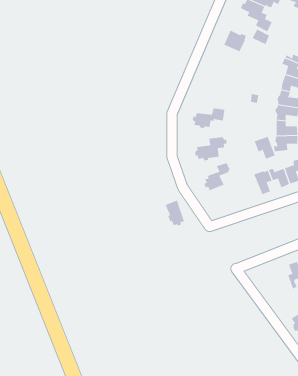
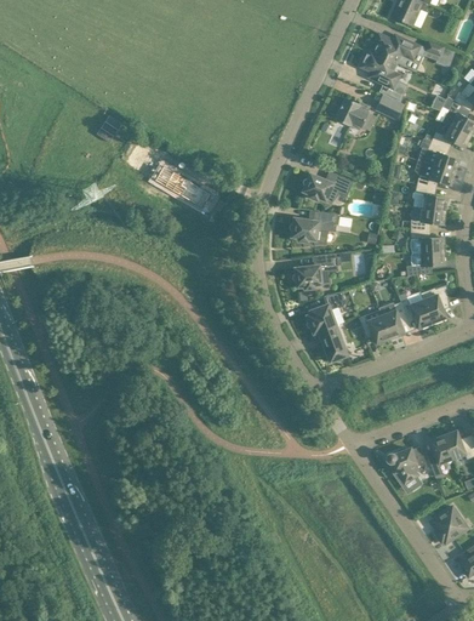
building: none -> [155,166,210,207]
building: none -> [303,172,352,200]
building: [254,136,276,160] -> [359,310,390,344]
building: [165,200,185,226] -> [318,324,347,363]
building: none -> [387,448,427,483]

